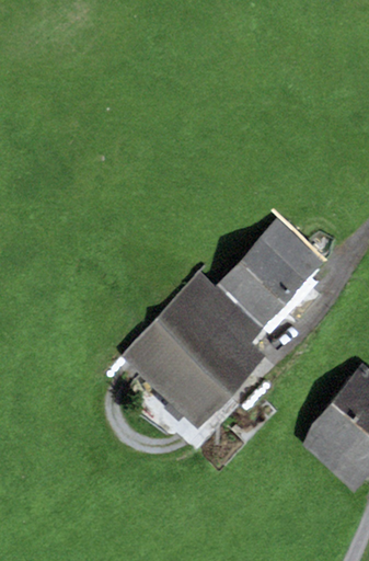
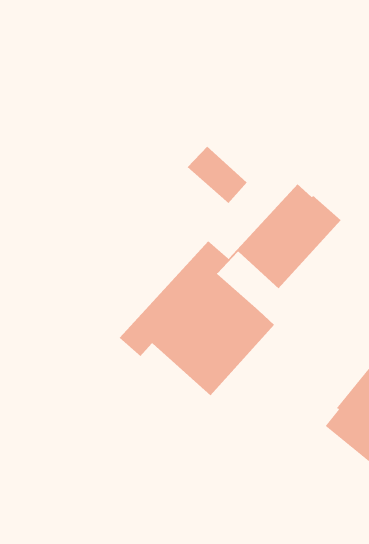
building: [207,288,263,342] -> [187,146,248,204]

